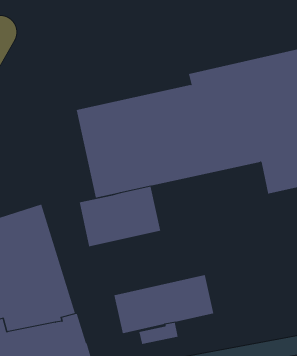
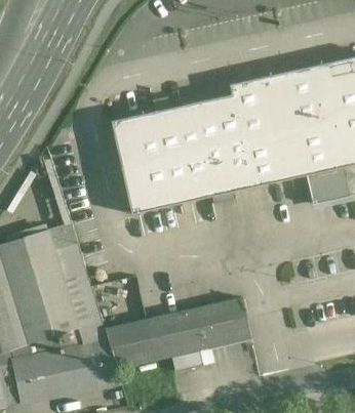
building: [79,186,161,247] -> none
building: none -> [106,319,156,369]

